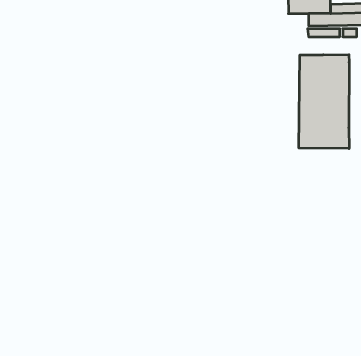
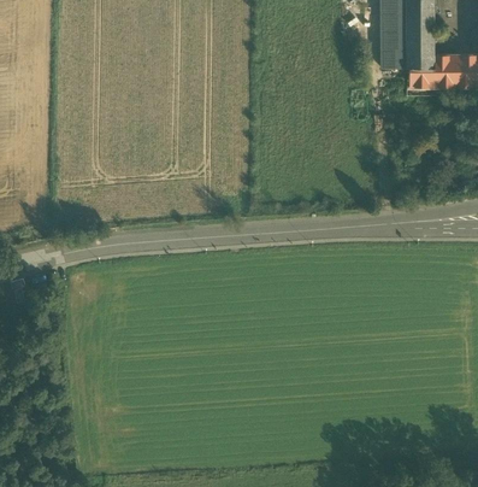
building: [299,55,349,149] -> none

